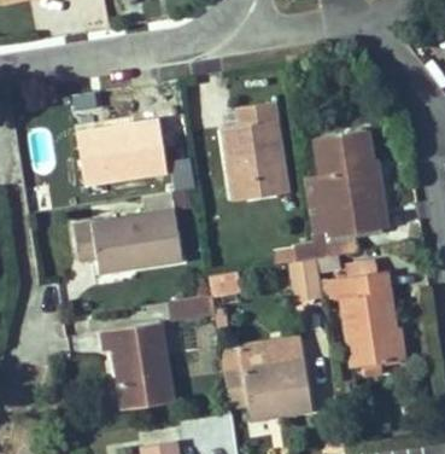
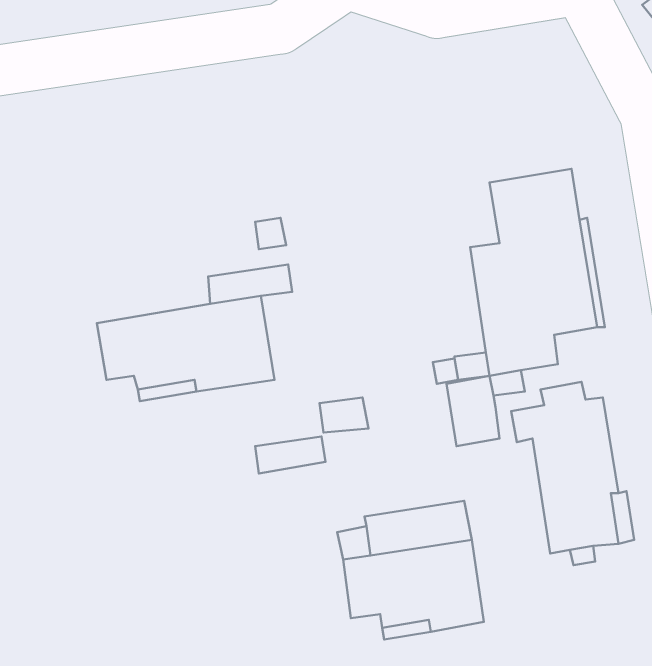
building: [226,101,288,200] -> none
building: [77,121,163,185] -> none
building: [103,322,174,411] -> none

